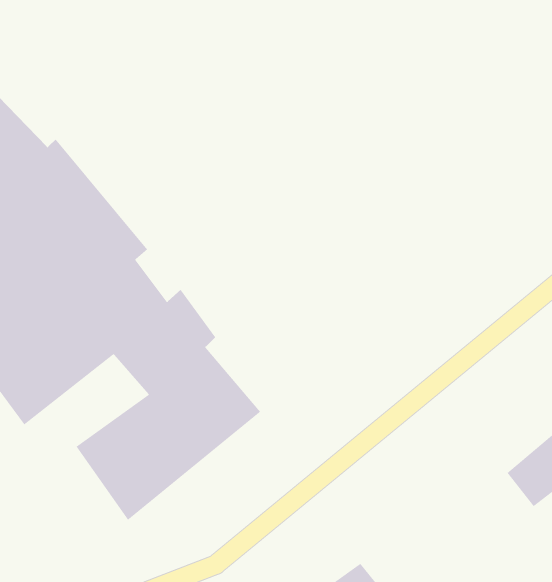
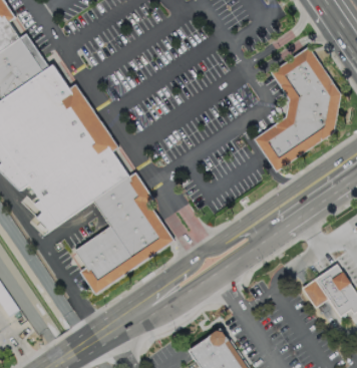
building: none -> [252,47,341,173]

